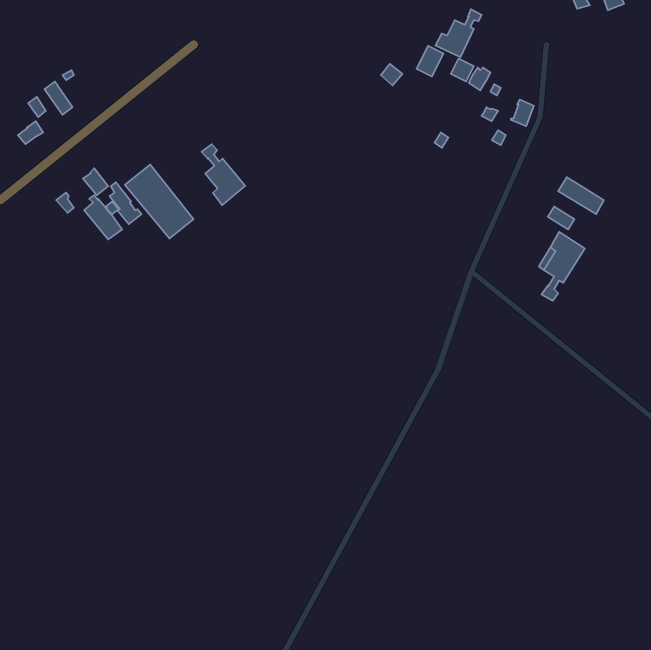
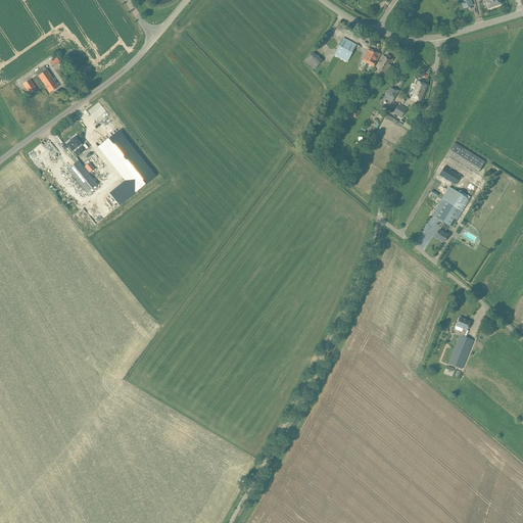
building: [435,9,481,57] -> none
building: [201,144,245,205] -> none
building: none -> [448,317,473,368]

